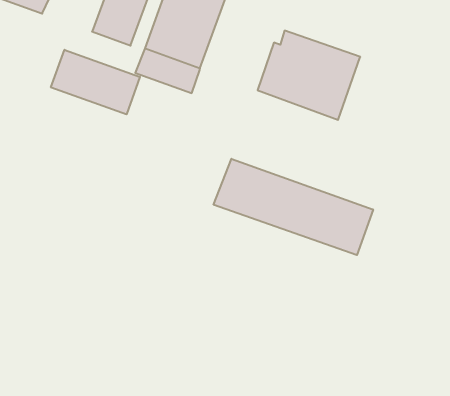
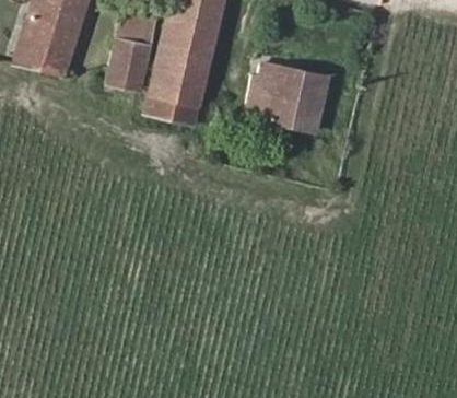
building: [51,50,140,114] -> none
building: [214,159,373,255] -> none

